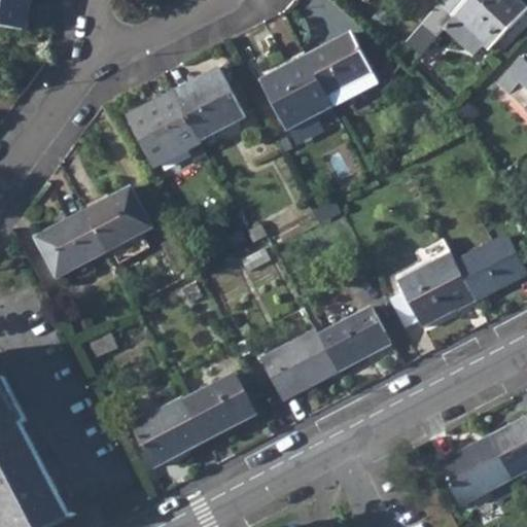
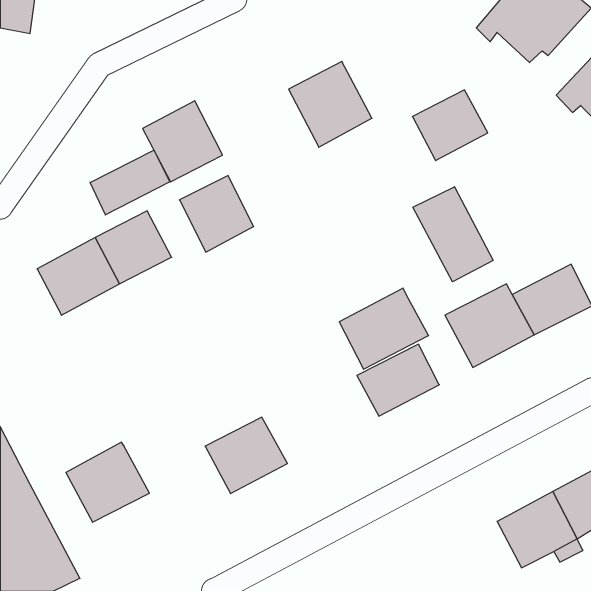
building: [305,31,372,94] -> [412,90,488,161]
building: [174,68,240,136] -> [179,176,254,252]
building: none -> [90,150,170,215]
building: none -> [413,187,493,282]
building: [258,327,338,399] -> [339,288,429,369]
building: [132,393,206,464] -> [66,442,149,522]

